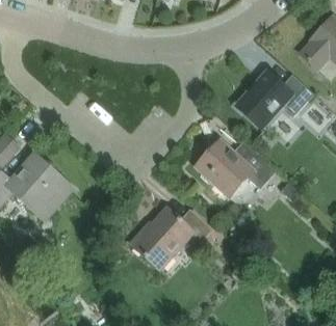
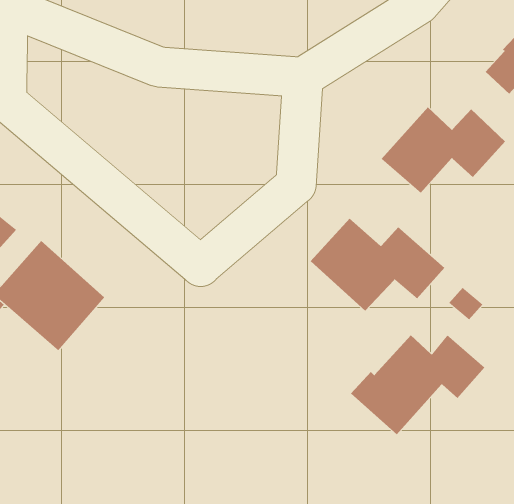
building: [131,208,212,268] -> [350,335,485,435]

